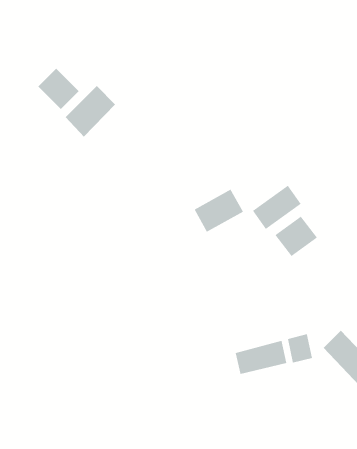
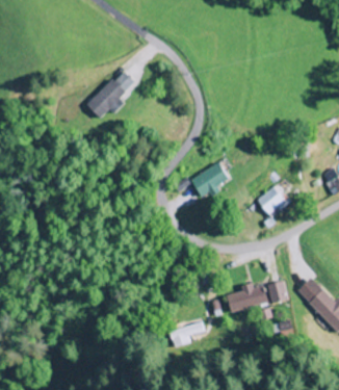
building: [37,68,80,110] -> none
building: [252,185,302,230] -> none
building: none -> [165,321,204,346]

